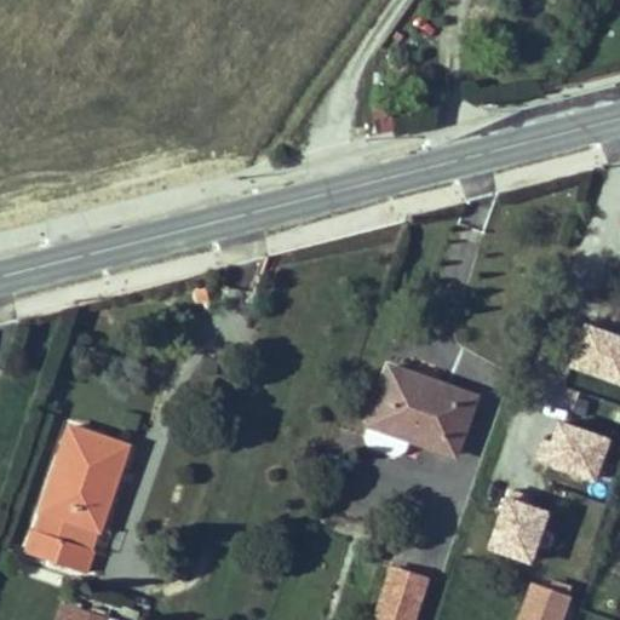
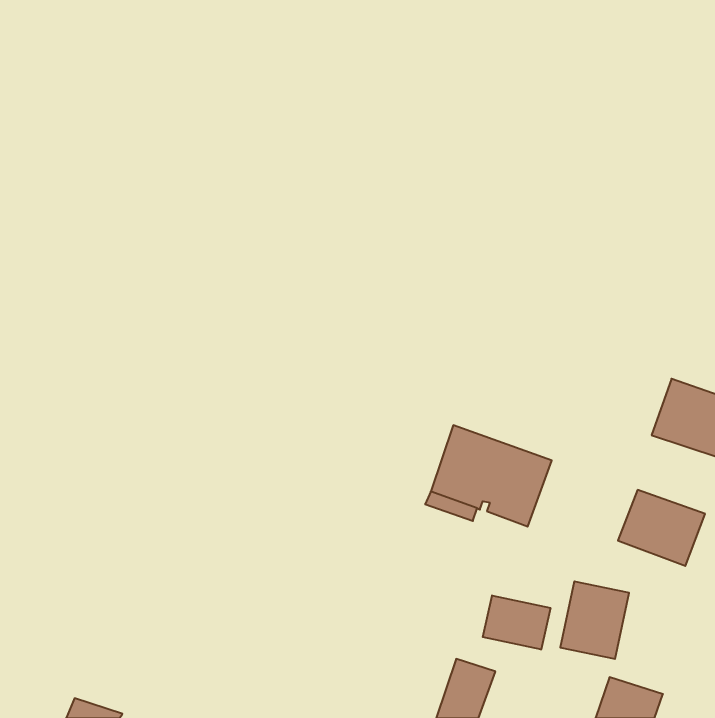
building: [45,424,130,527] -> none
building: none -> [483,595,550,650]
building: [29,528,96,570] -> none

